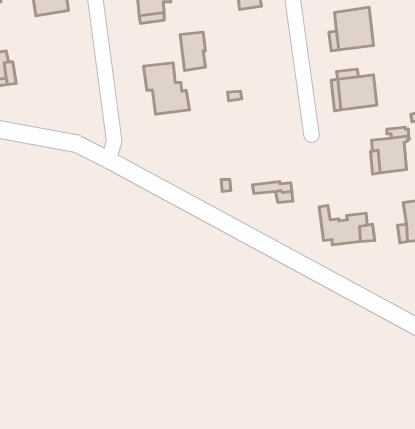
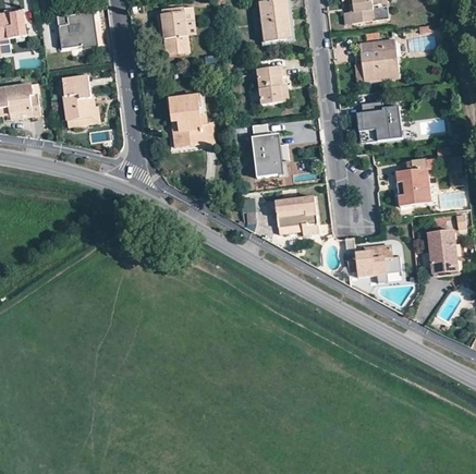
building: [180,32,205,70] -> [258,66,283,105]
building: none -> [62,75,97,120]
building: none -> [253,134,283,177]
building: none -> [276,195,316,217]

